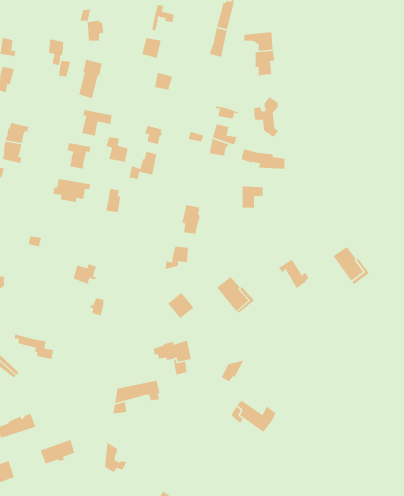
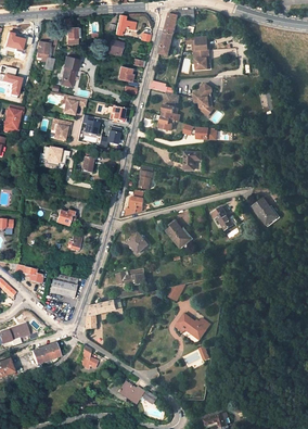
building: none -> [50,273,78,298]

